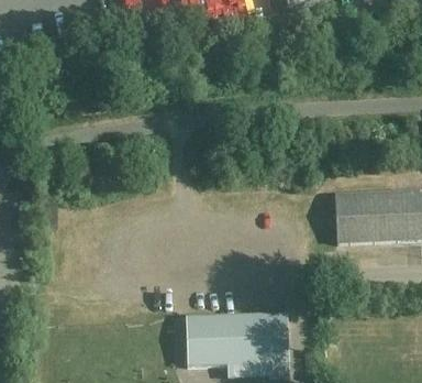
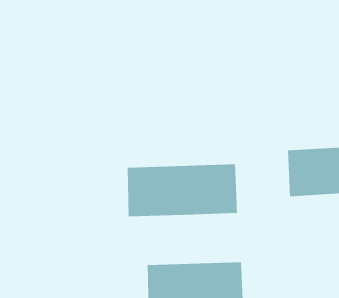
building: none -> [127,164,238,217]

